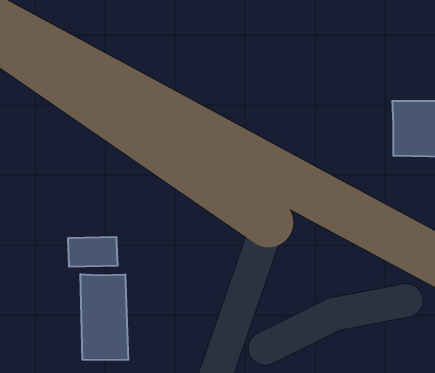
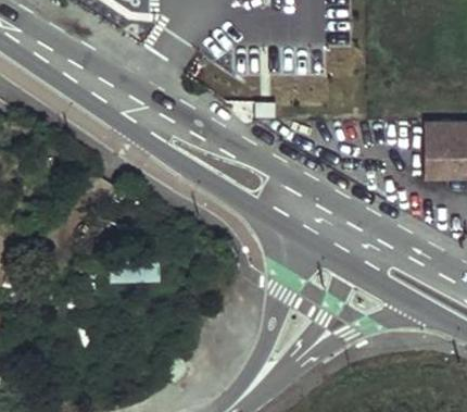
building: [80,274,128,360] -> none

